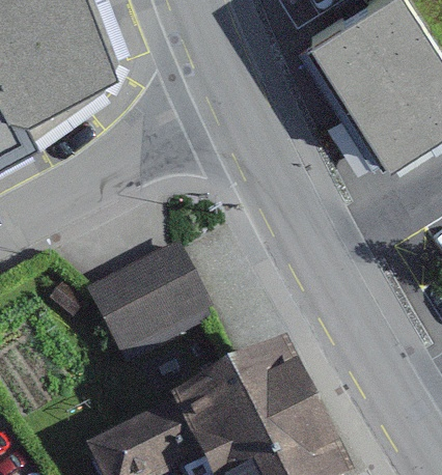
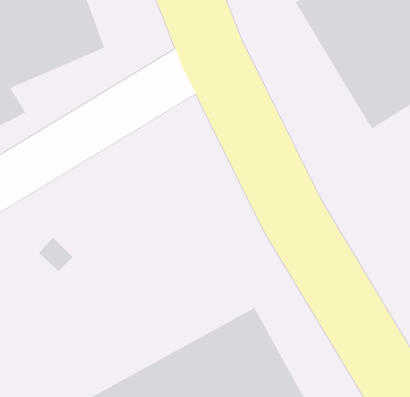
building: [91,242,217,359] -> none

